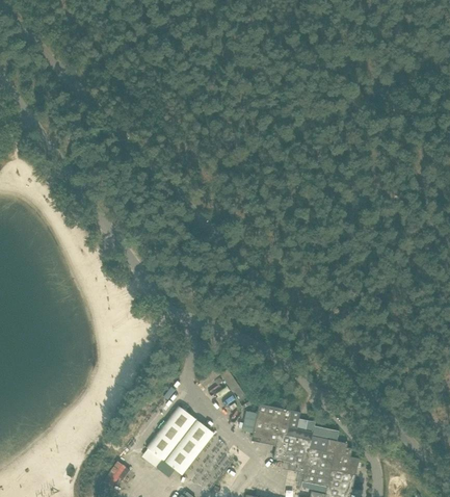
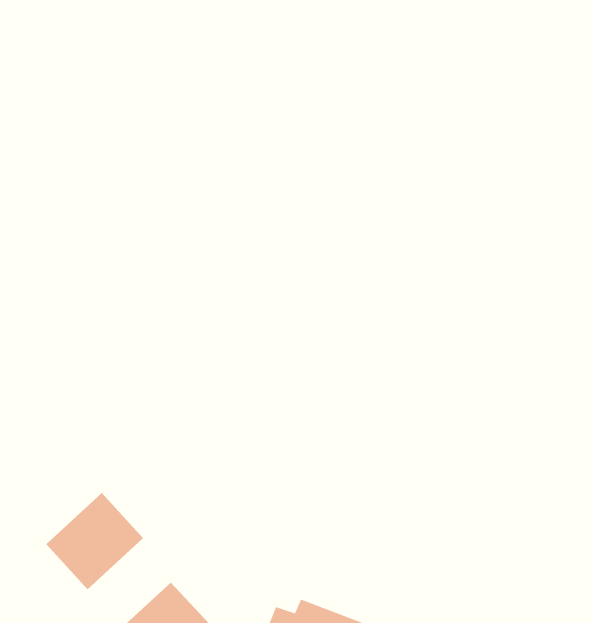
building: none -> [45,492,144,590]

